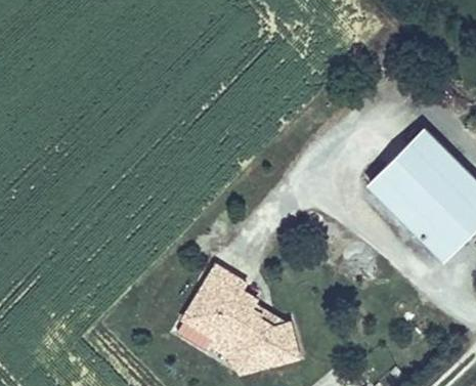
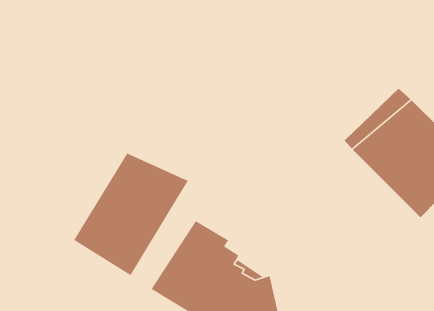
building: none -> [73,152,189,276]

